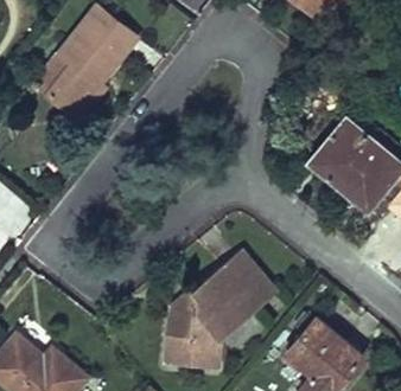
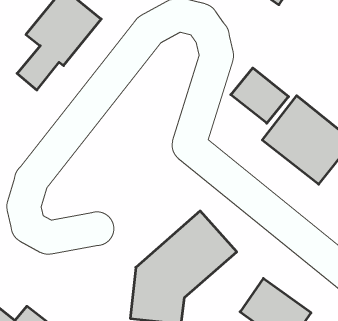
building: none -> [231,68,289,123]

